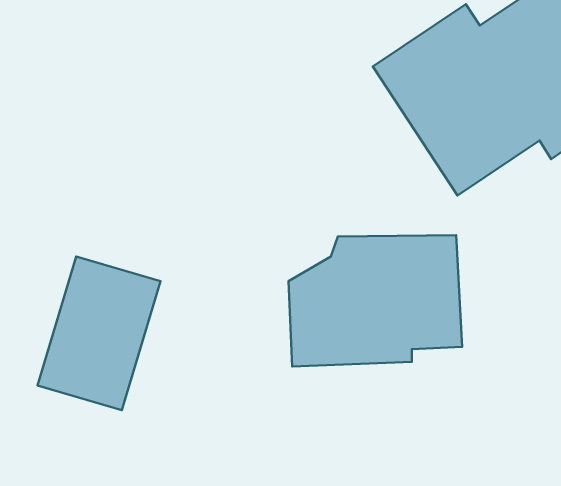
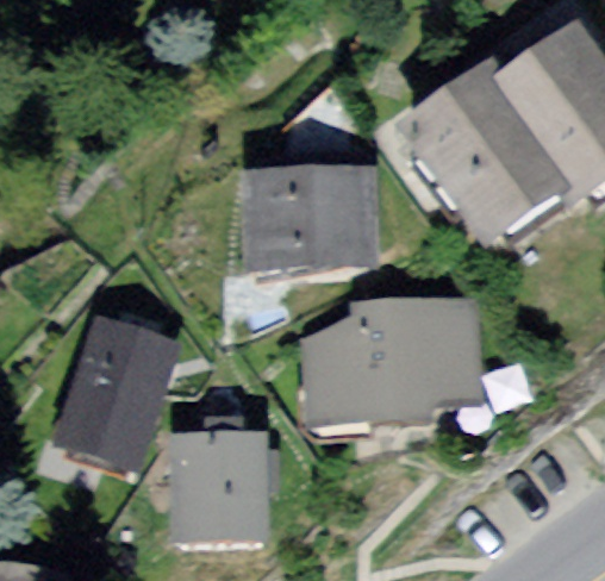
building: none -> [245,167,381,268]
building: none -> [170,432,268,537]

